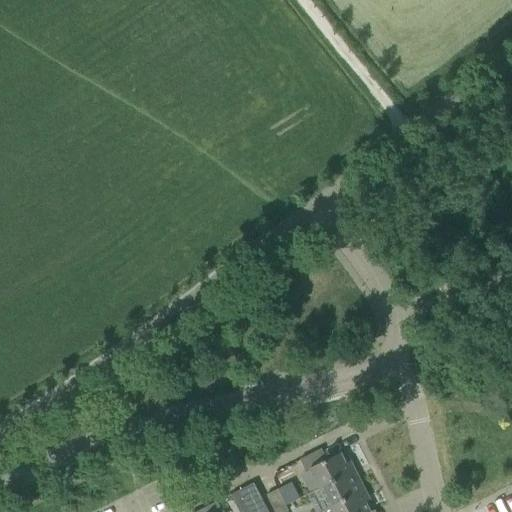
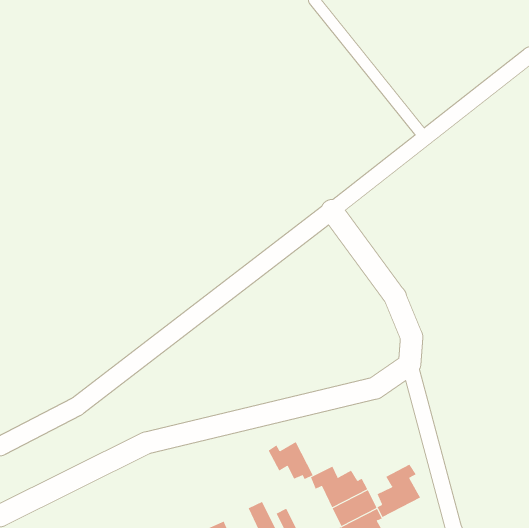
building: none -> [268,441,314,480]
building: none -> [377,464,421,518]

